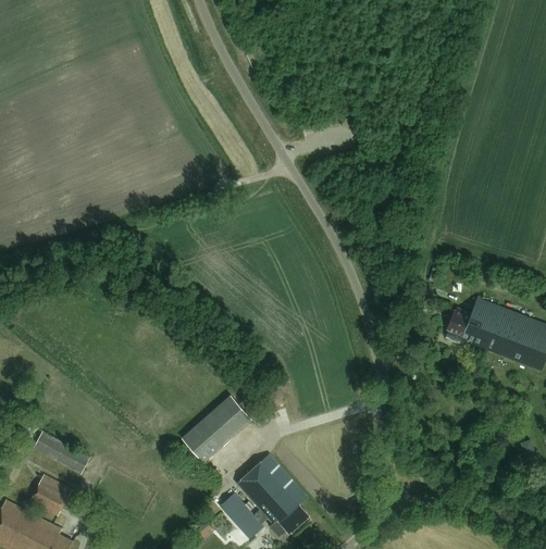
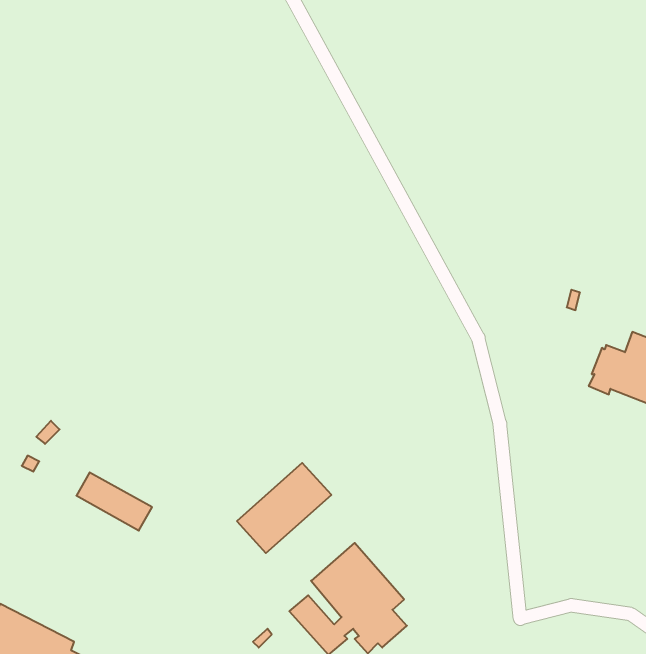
building: [33,431,89,474] -> [76,472,152,531]
building: [28,477,69,515] -> none

